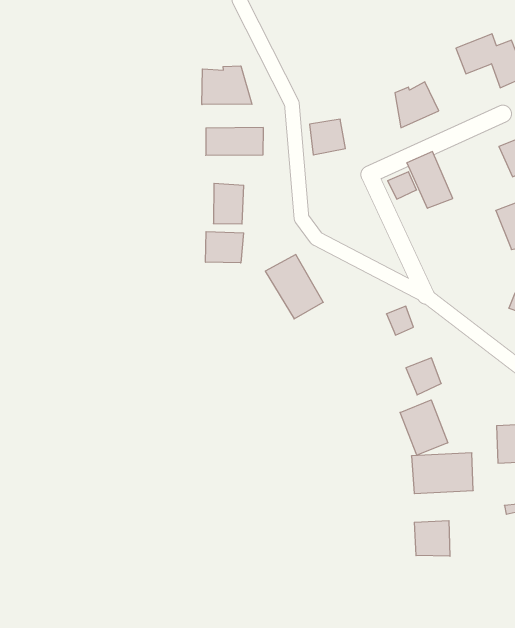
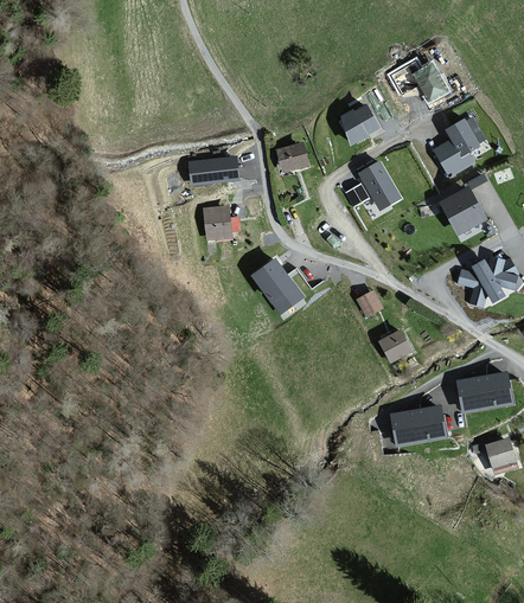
building: [202,66,252,105] -> none
building: [206,232,244,263] -> none
building: [400,400,448,455] -> none
building: [414,521,450,556] -> none

